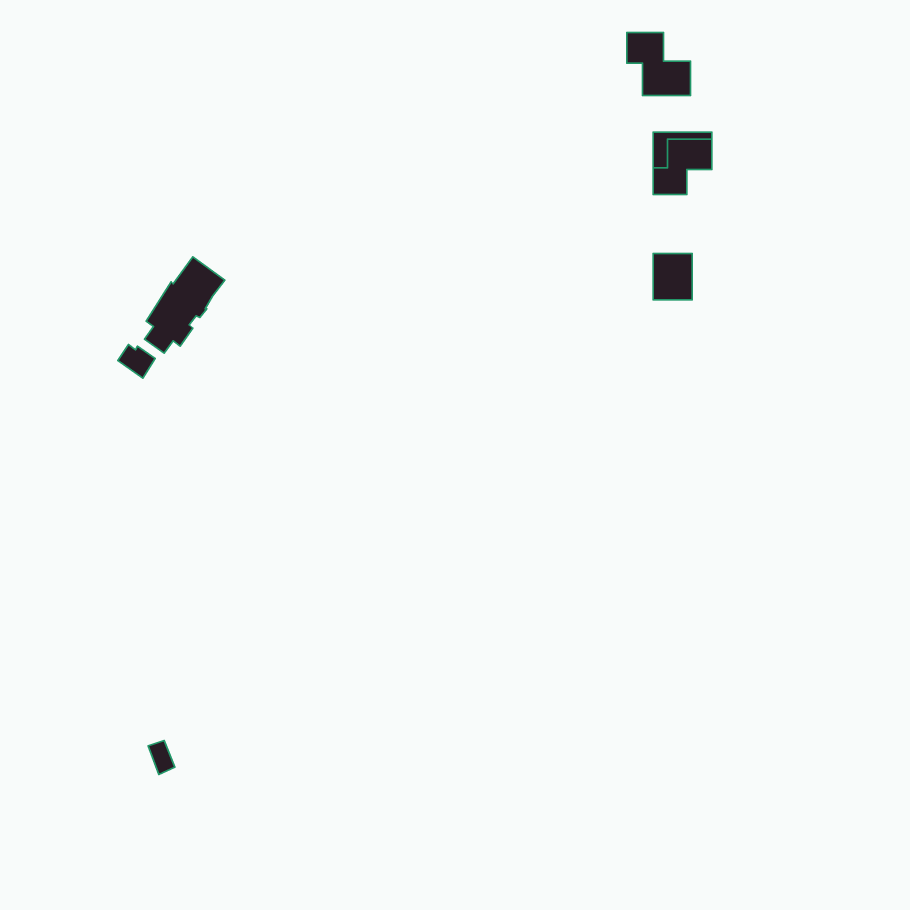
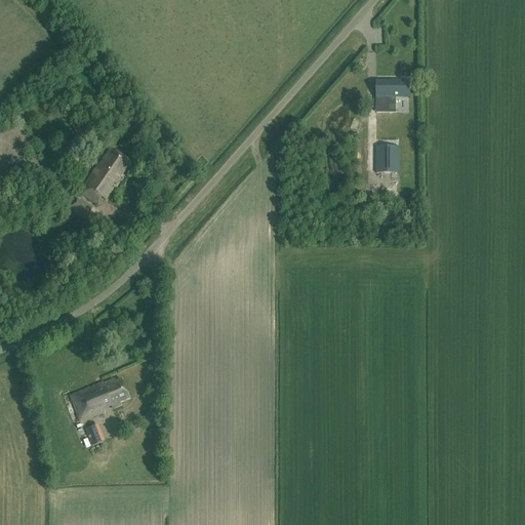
building: [627,33,691,96] -> none
building: none -> [69,378,127,420]

